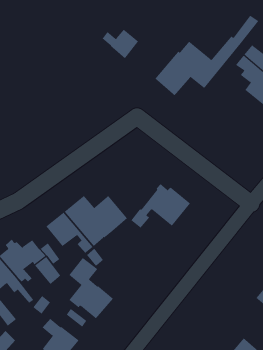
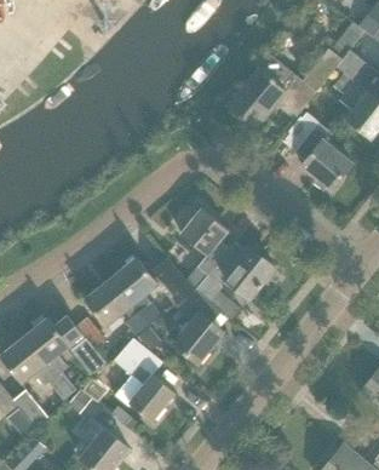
building: [102,29,139,59] -> none
building: none -> [283,113,352,189]
building: none -> [180,208,230,276]
building: none -> [173,288,224,363]

